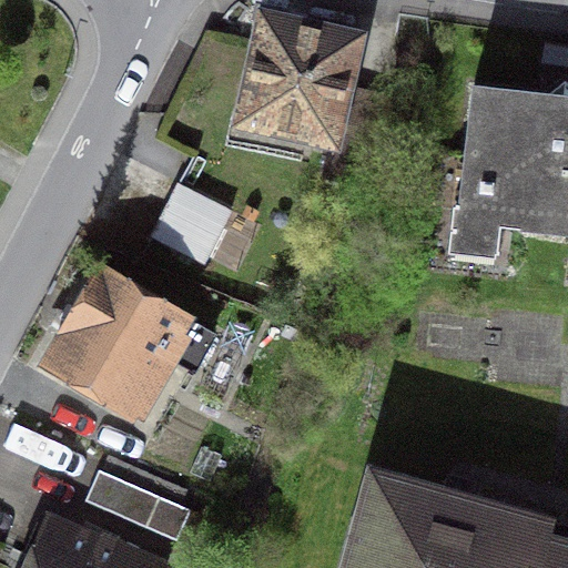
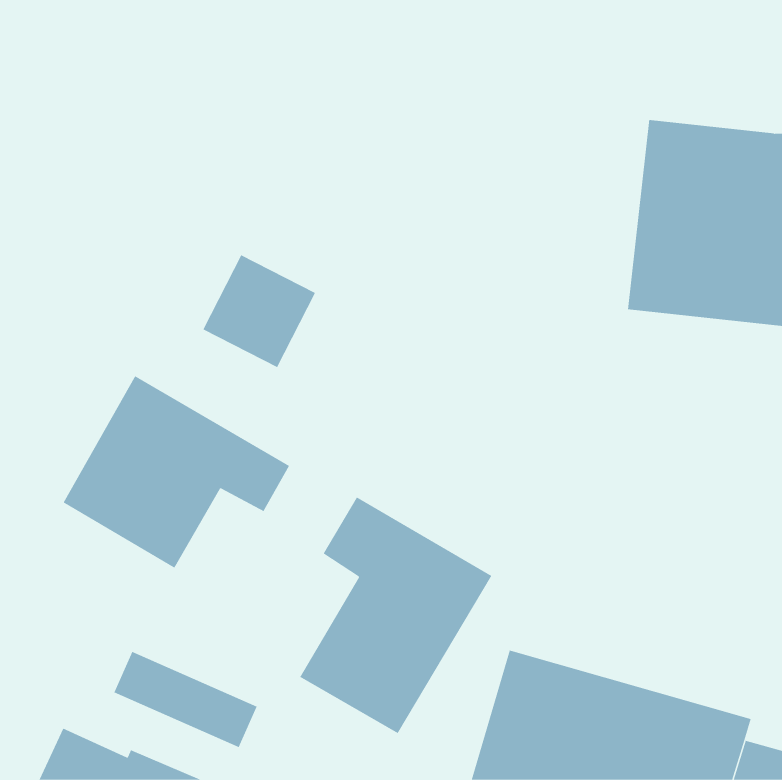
building: [241,21,385,186] -> none
building: none -> [300,497,492,734]

